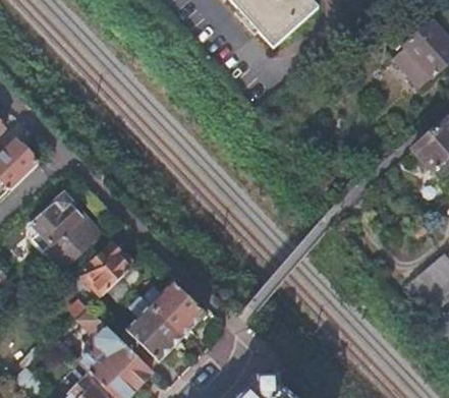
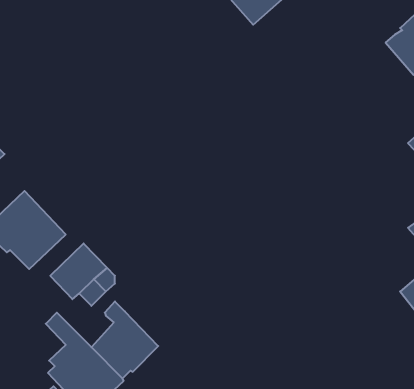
building: [152,280,207,336] -> none

